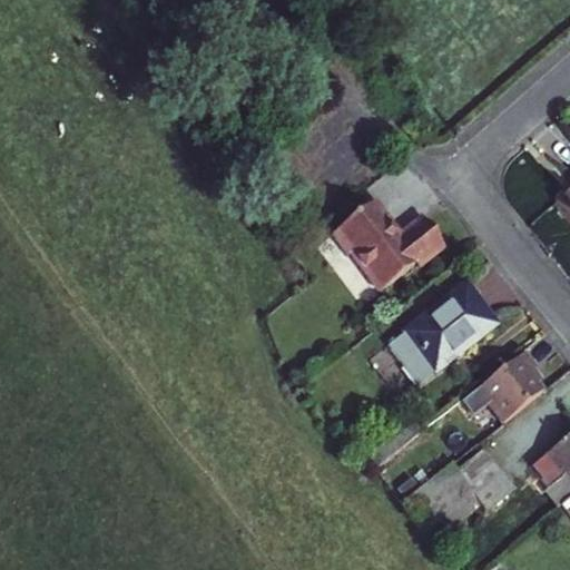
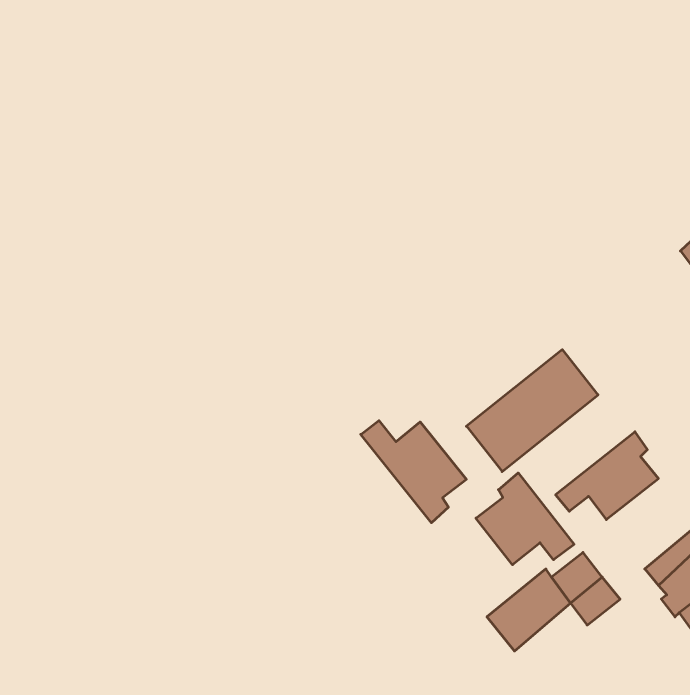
building: [332,203,446,289] -> none
building: none -> [361,421,466,523]
building: none -> [476,473,574,565]

